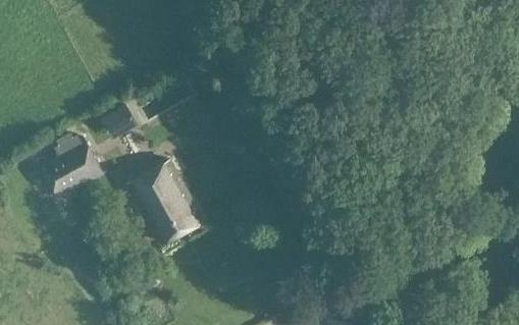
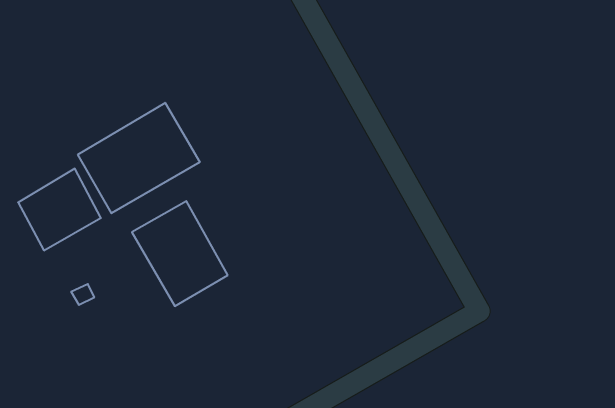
building: none -> [78,103,200,213]

